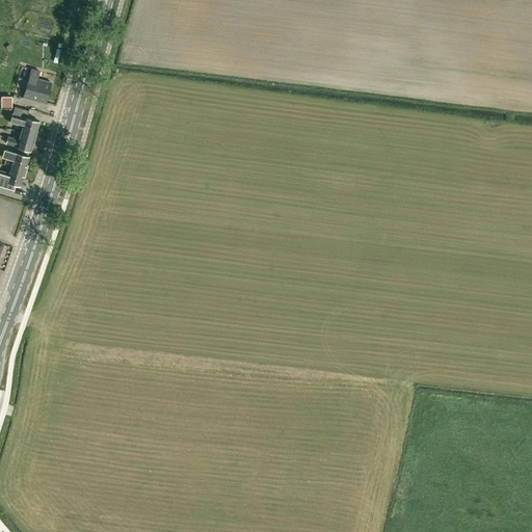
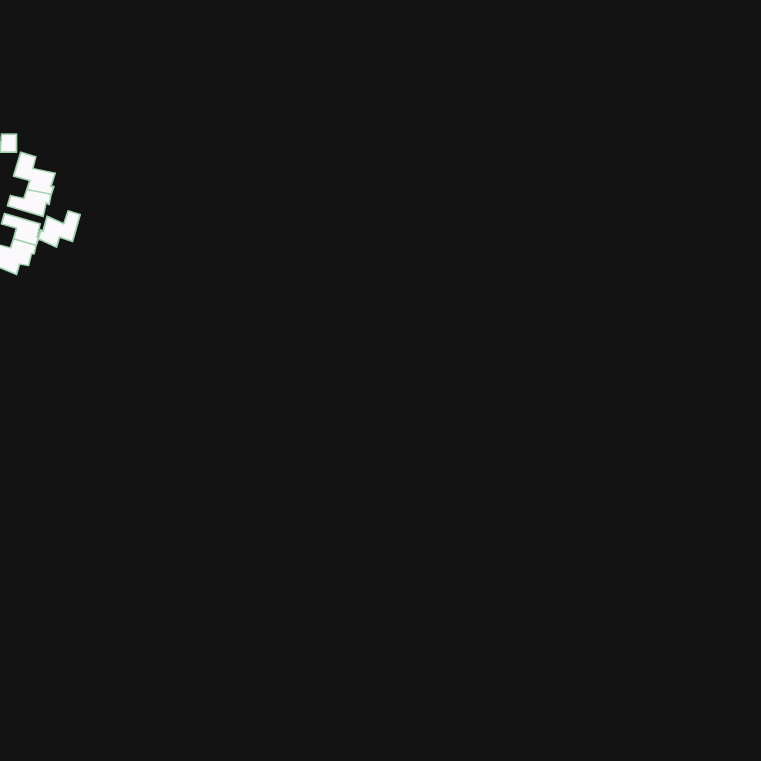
building: [22,69,51,104] -> none
building: none -> [38,211,80,247]

